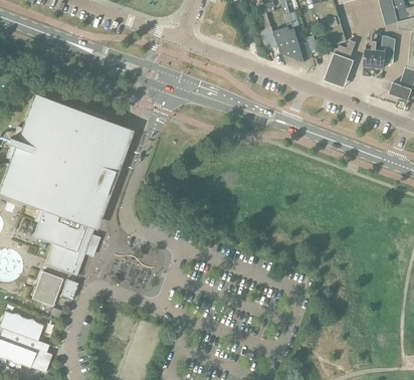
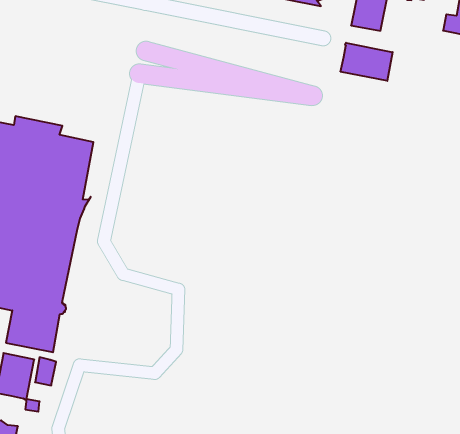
building: none -> [341,43,393,81]

